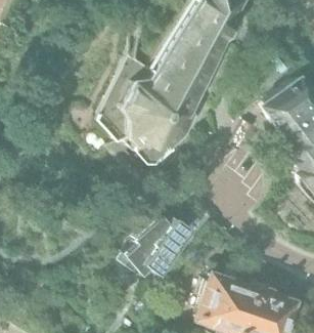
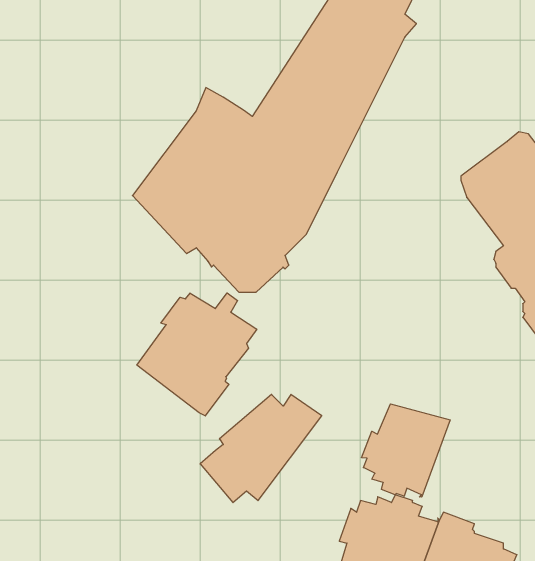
building: none -> [137,293,257,416]
building: none -> [362,404,450,497]

